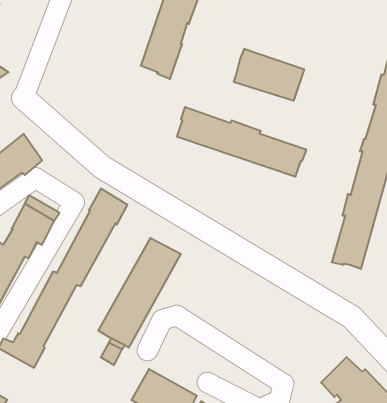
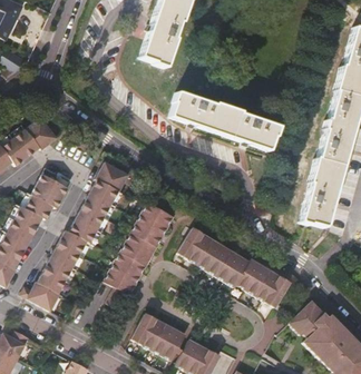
building: [234,49,304,101] -> none
building: none -> [177,226,290,306]

